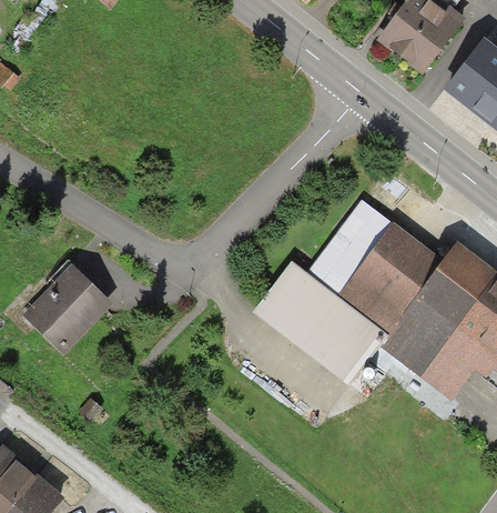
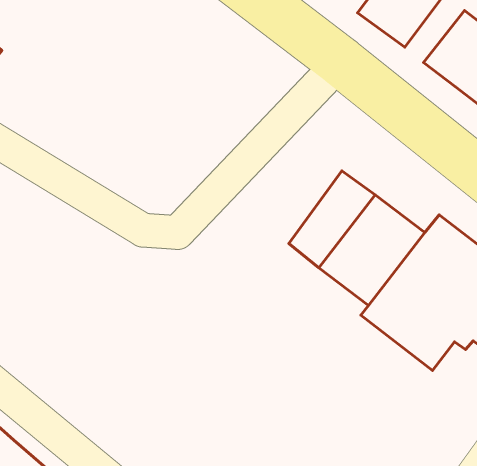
building: [252,261,387,382] -> none
building: [24,262,120,359] -> none

